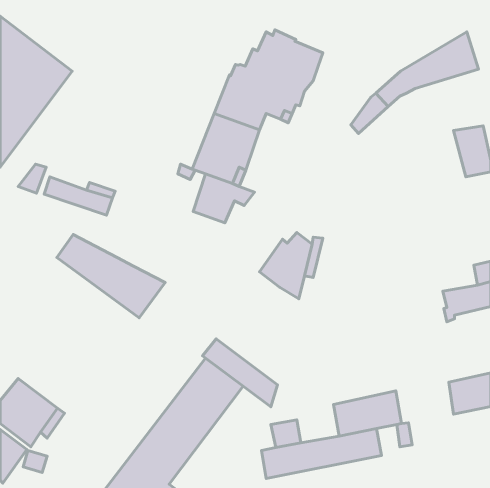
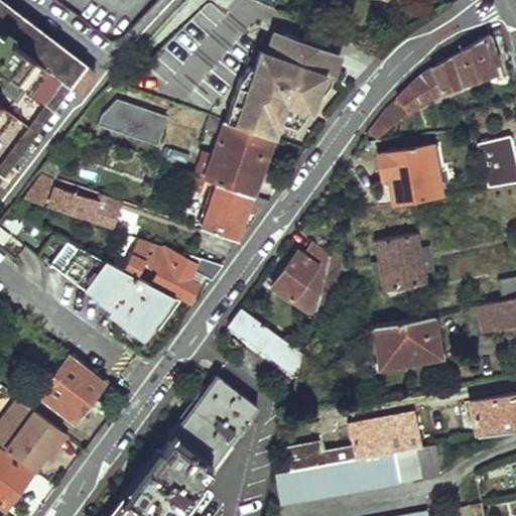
building: none -> [101,98,168,145]
building: none -> [377,145,440,207]
building: none -> [372,237,426,295]
building: none -> [124,240,222,302]
building: none -> [367,315,439,372]
building: [203,339,278,407] -> [226,308,304,380]
building: none -> [40,359,102,420]

